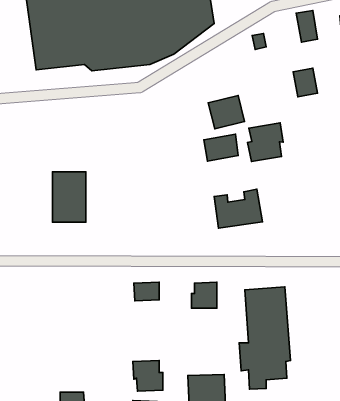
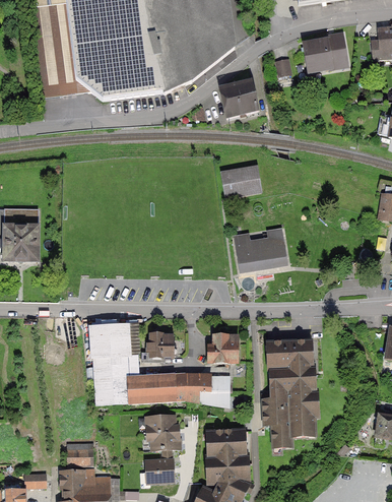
building: [293,68,317,97] -> [304,40,330,71]
building: [208,95,245,129] -> [218,80,258,117]
building: [247,123,283,162] -> none
building: [52,172,86,222] -> [6,208,43,263]
building: none -> [92,320,230,405]

